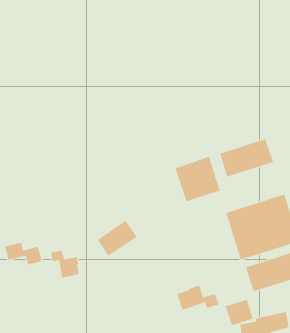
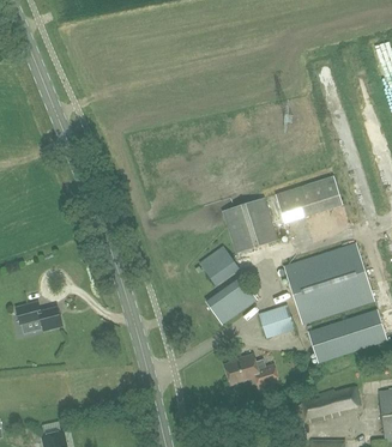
building: none -> [205,246,241,283]
building: [97,220,138,256] -> [207,280,257,325]
building: [50,250,79,279] -> none
building: [225,299,253,326] -> [258,306,293,338]

